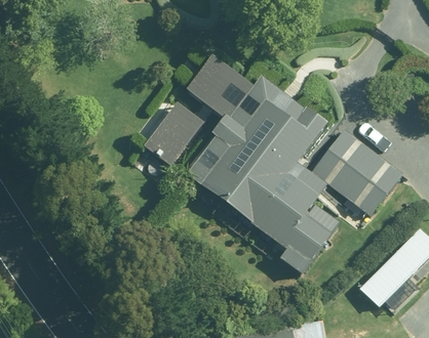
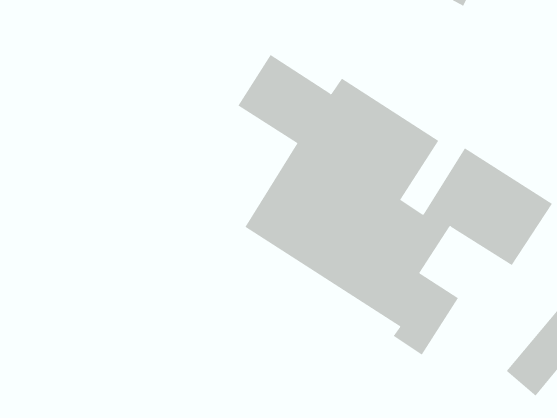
building: [142,99,202,163] -> none

